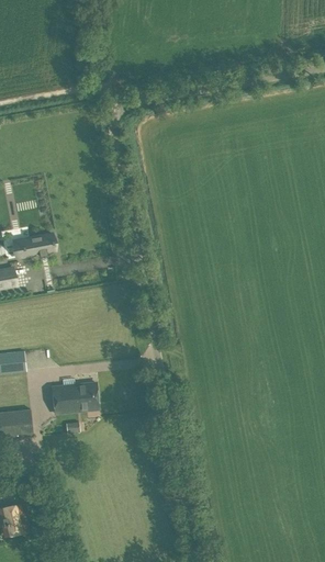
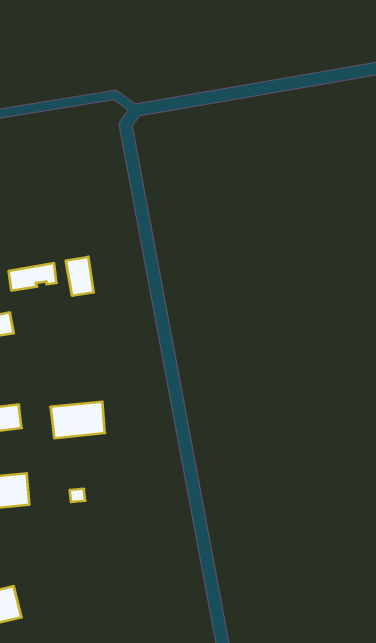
building: none -> [66,257,94,296]
building: [51,382,97,413] -> [50,402,105,438]

